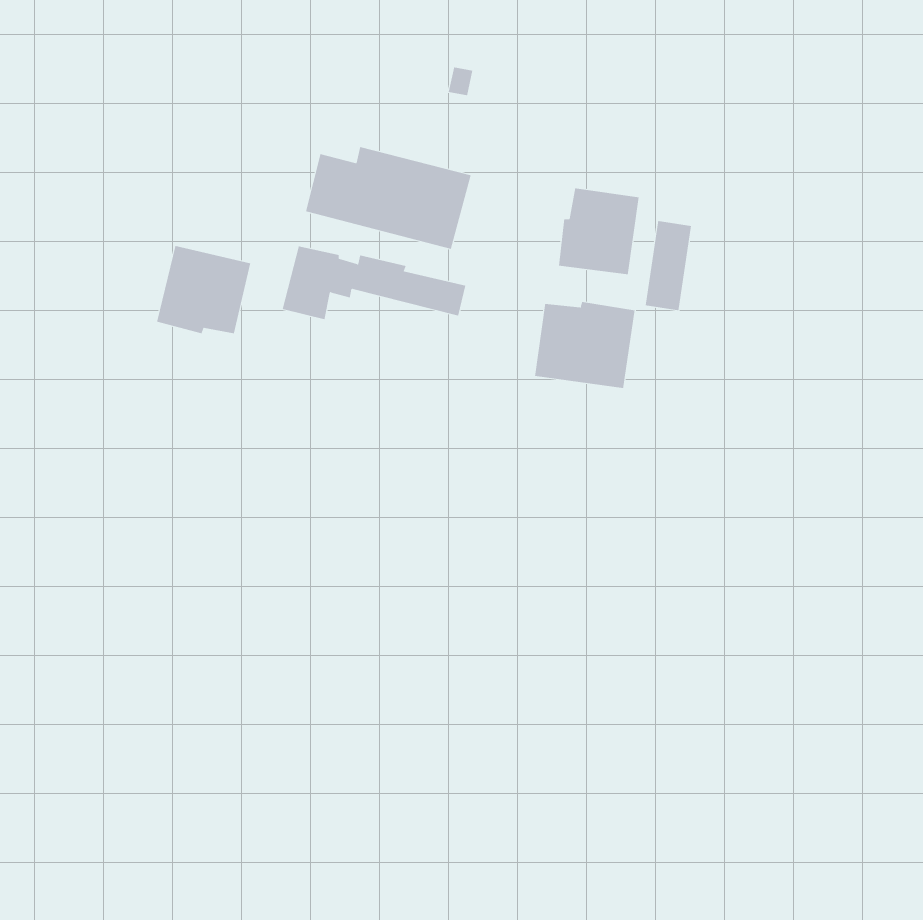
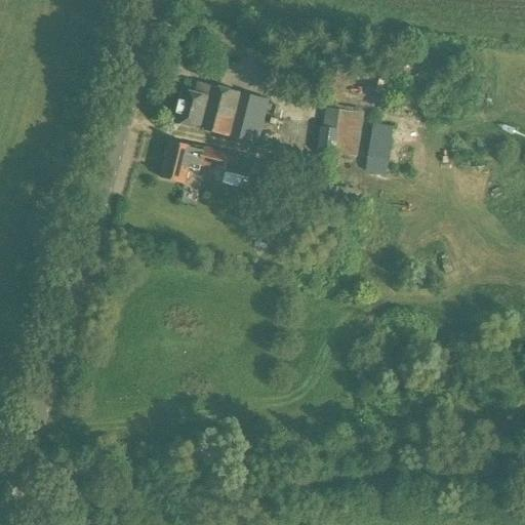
building: [157,245,251,334] -> none
building: [535,301,635,389] -> none

